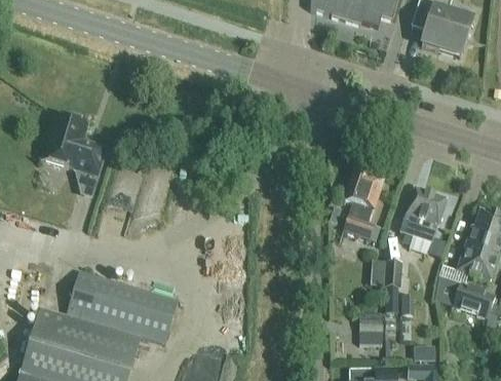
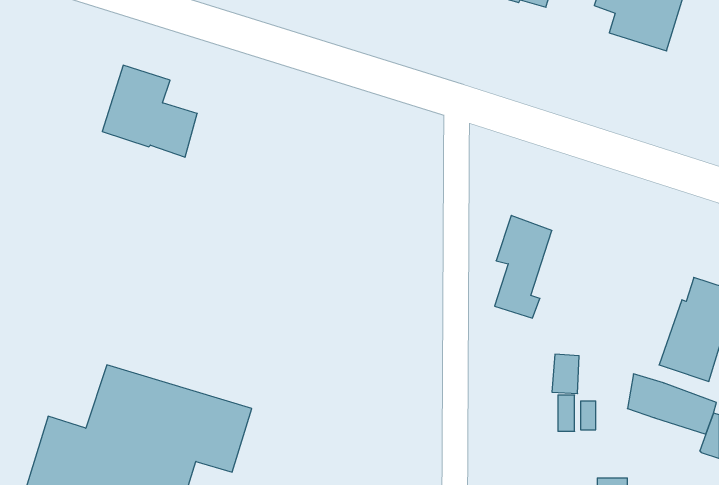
building: [42,114,107,177] -> [102,65,197,157]
building: [400,189,447,242] -> none
building: [359,312,383,344] -> none

